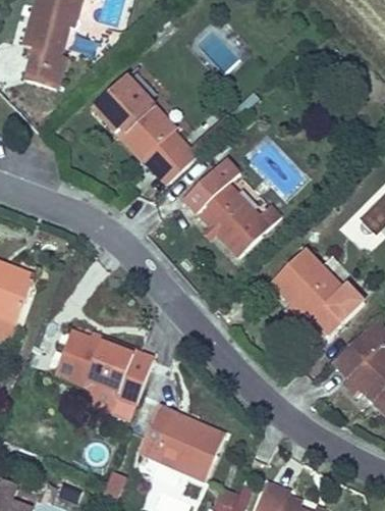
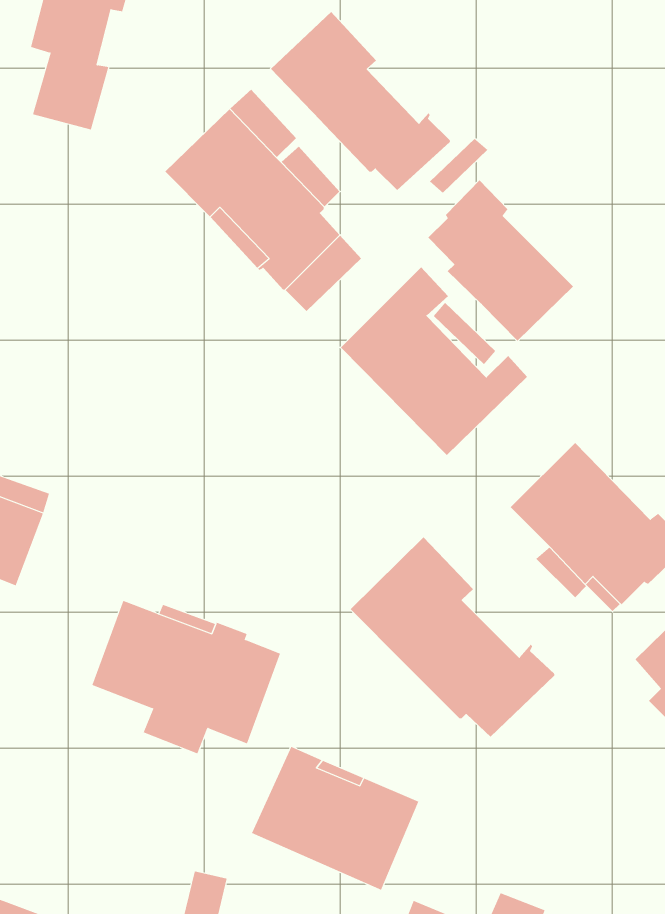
building: none -> [270,11,450,191]
building: none -> [427,180,574,341]
building: none -> [350,537,555,738]

